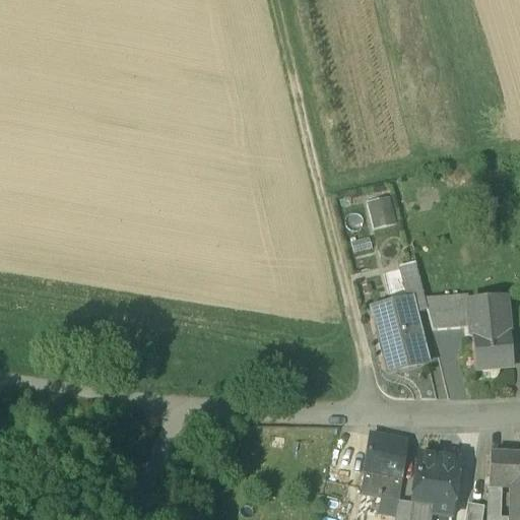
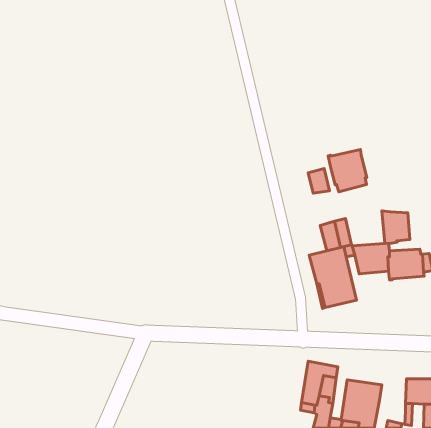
building: none -> [328,150,367,192]
building: none -> [382,211,410,243]
building: [472,331,513,371] -> none

